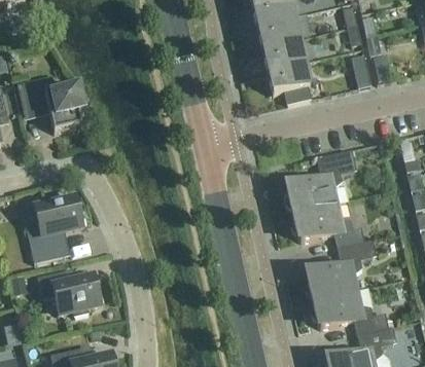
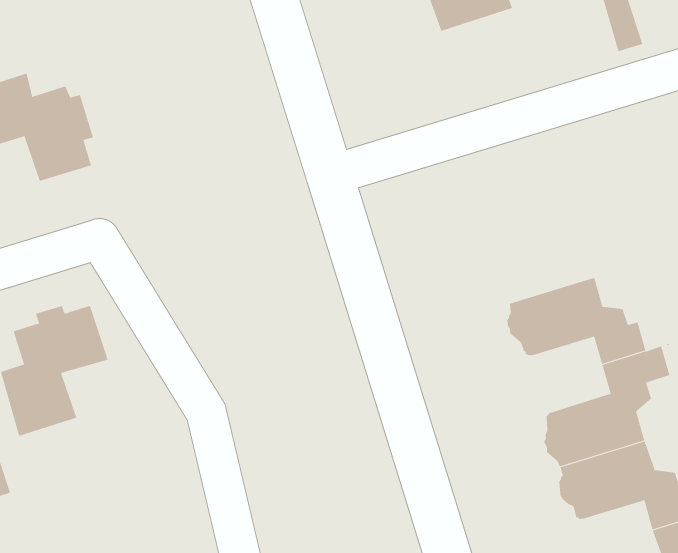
building: [268,61,311,104] -> none
building: [285,150,354,213] -> none
building: [38,269,101,316] -> none

